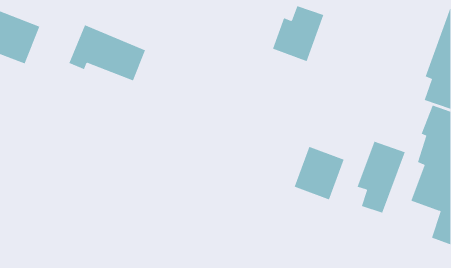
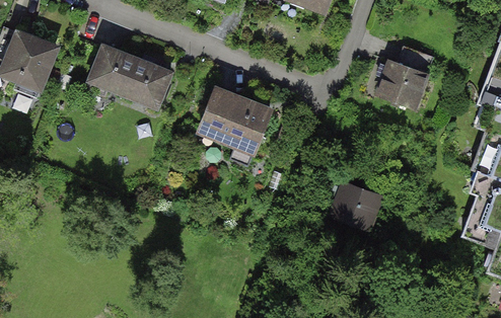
building: [272,5,324,62] -> [377,48,433,108]
building: none -> [193,84,273,163]
building: [357,141,405,214] -> none

